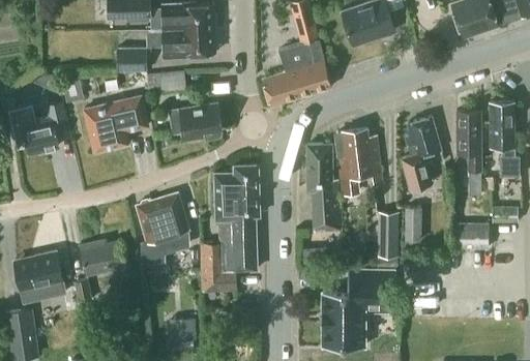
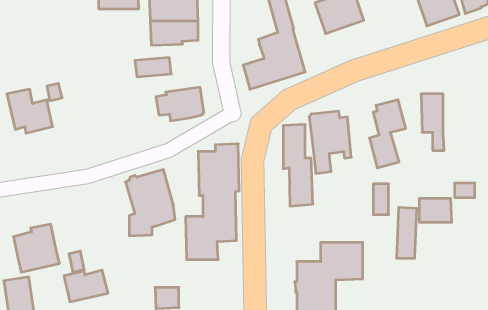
building: [116,48,146,71] -> none
building: [84,97,147,152] -> none
building: [489,102,519,177] -> none
building: [377,211,399,266] -> [397,207,417,258]
building: [79,240,126,274] -> [64,270,108,302]

